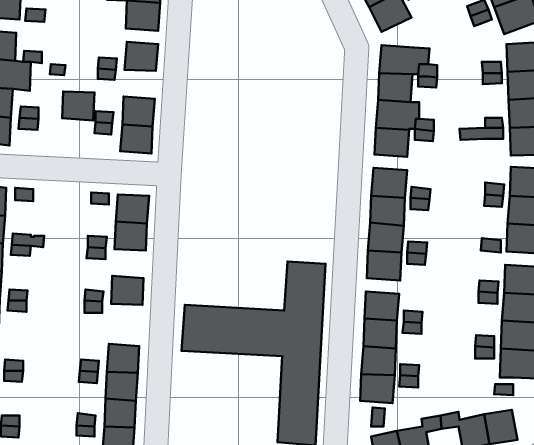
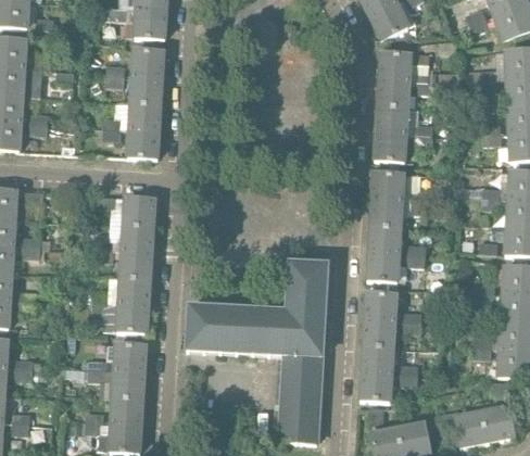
building: [62,91,94,120] -> [130,76,162,104]
building: none -> [119,251,152,279]
building: none -> [116,304,149,332]

